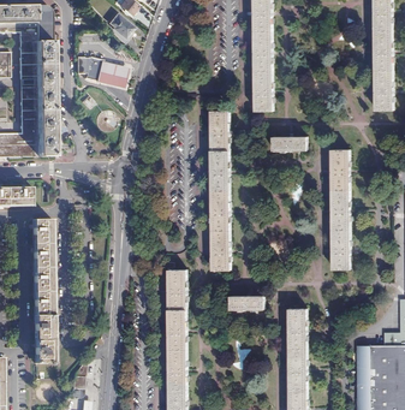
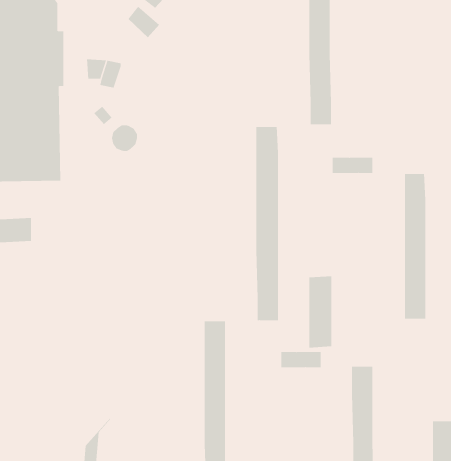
building: [96,61,129,89] -> none
building: [30,218,52,362] -> none
building: none -> [309,275,332,348]

